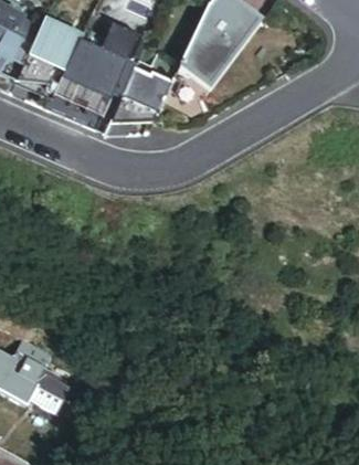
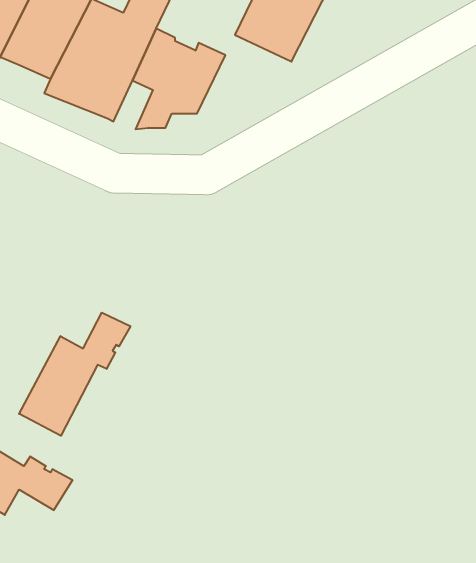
building: none -> [19,313,130,436]

